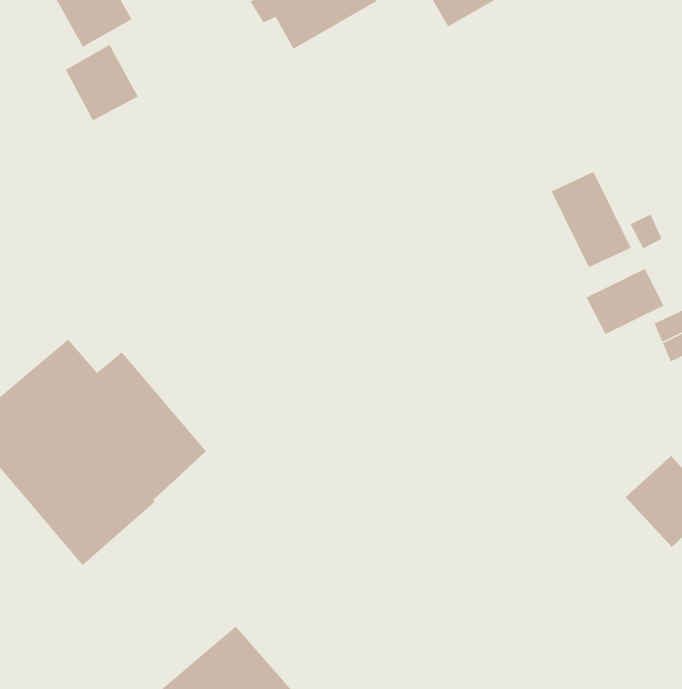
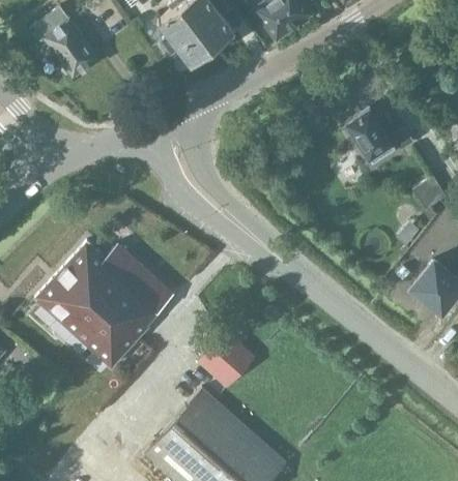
building: [65,44,139,122] -> none
building: [586,268,665,335] -> none
building: none -> [199,331,256,387]

